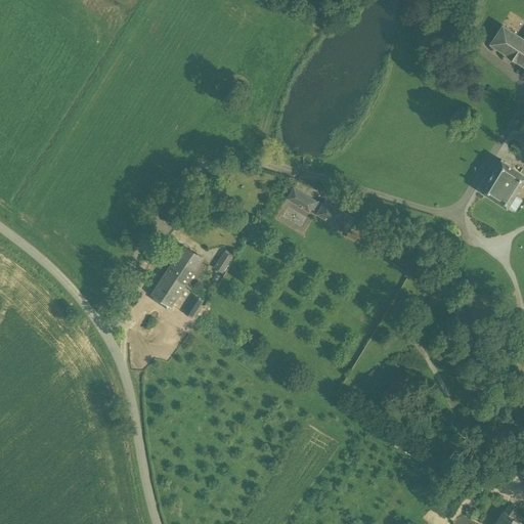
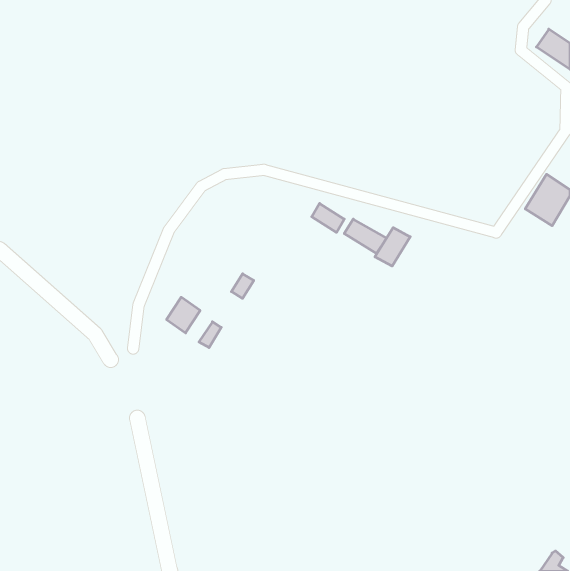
building: none -> [375,228,410,266]
building: [166,247,201,285] -> none

